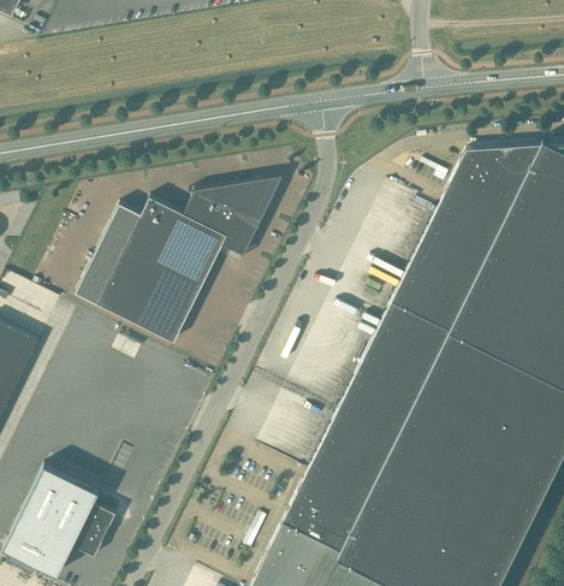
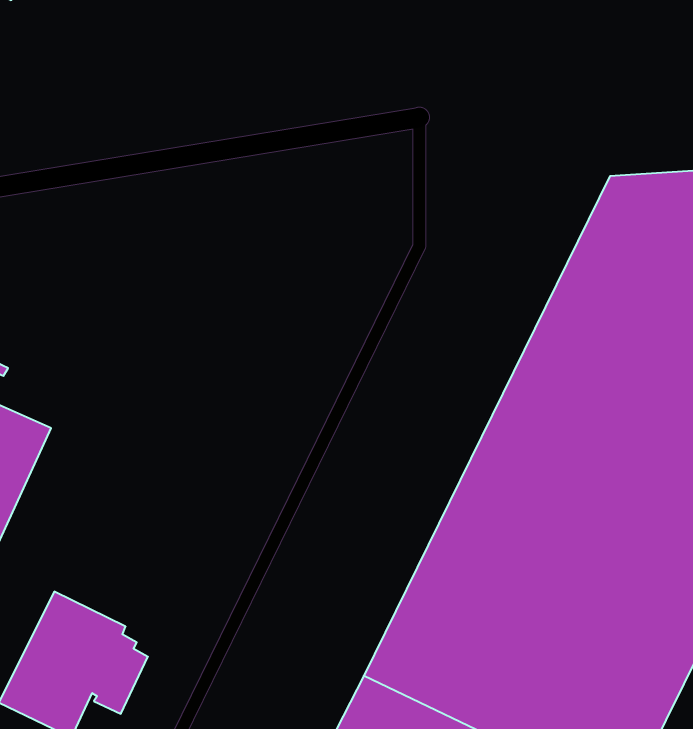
building: [76,178,274,342] -> none

